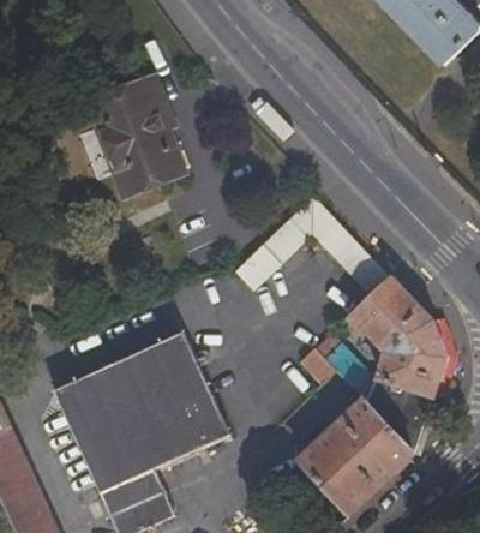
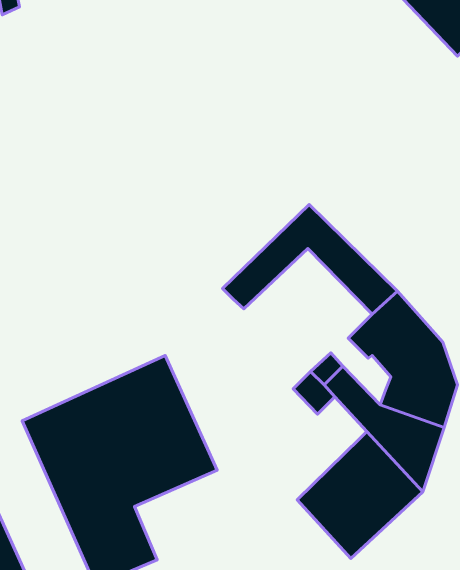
building: [84,76,184,198] -> none

